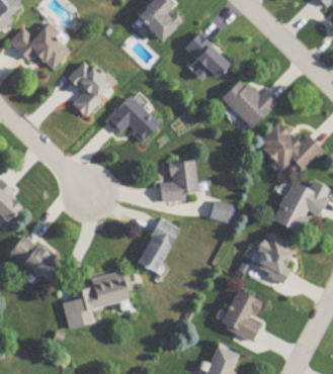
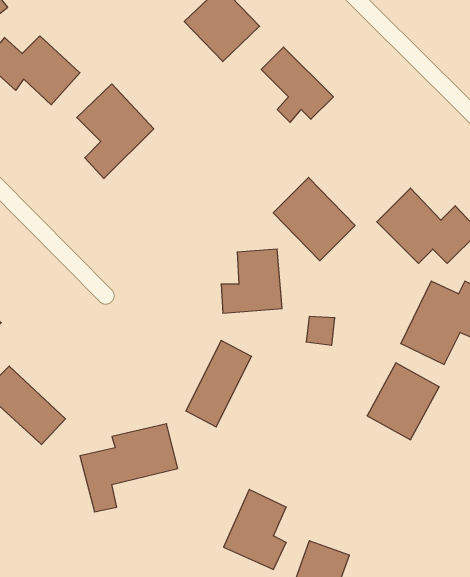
building: [222,76,273,128] -> [273,177,355,261]
building: [104,95,159,139] -> none
building: [221,290,260,341] -> [224,489,286,570]

